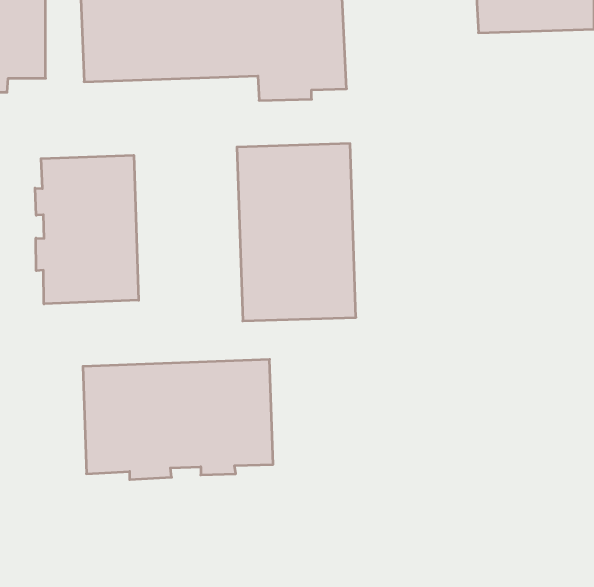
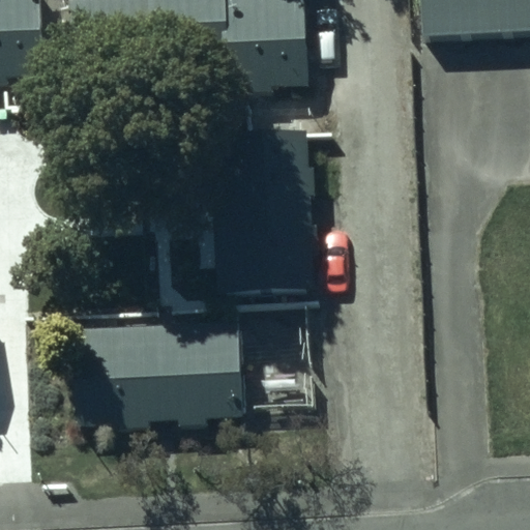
building: [35,155,139,304] -> none

